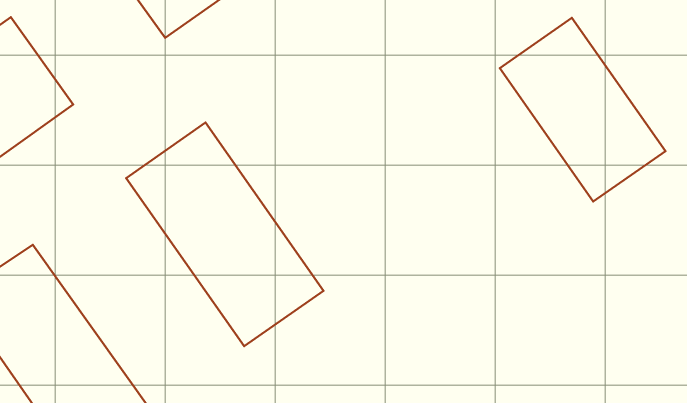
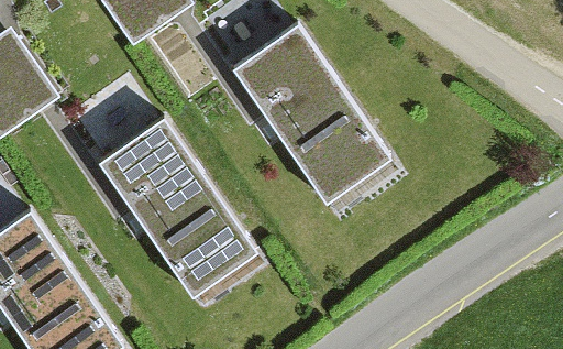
building: none -> [232,23,387,199]
building: [500,18,665,201] -> none

